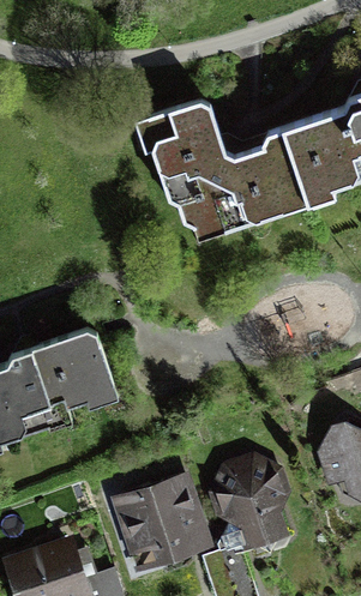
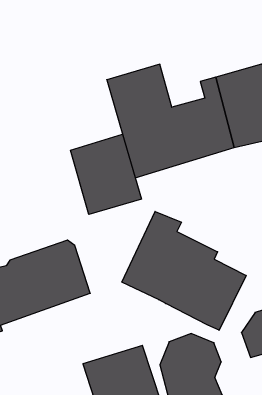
building: none -> [71,134,141,214]
building: none -> [122,211,246,330]

